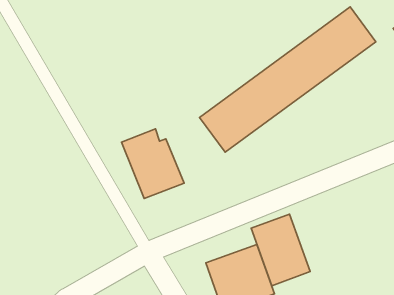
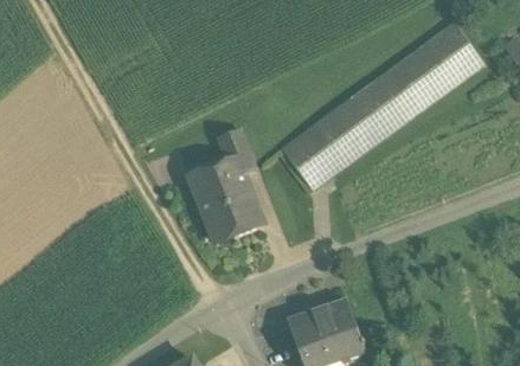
building: none -> [220,130,257,176]
building: [251,214,310,286] -> none

